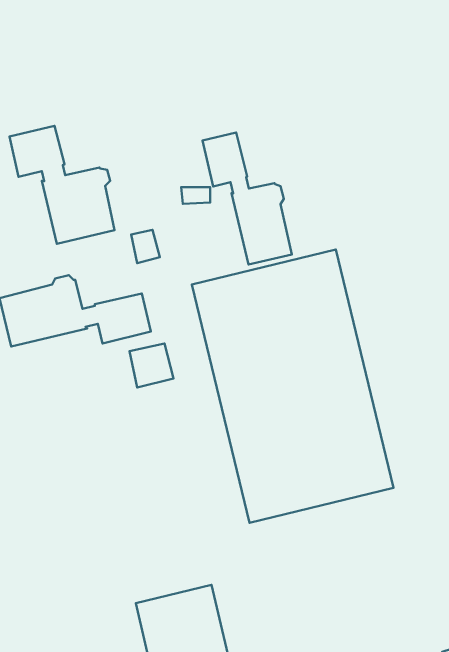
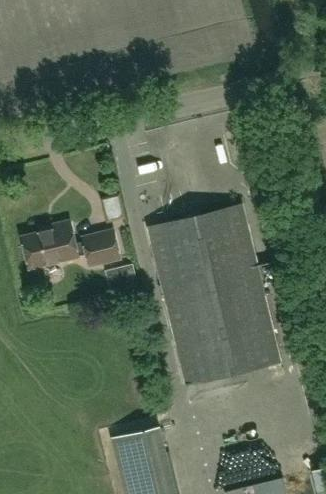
building: [10,126,115,244] -> none
building: [202,133,292,264] -> none

